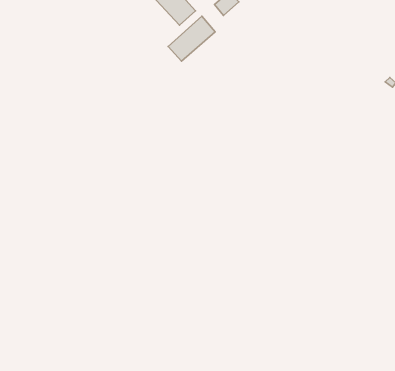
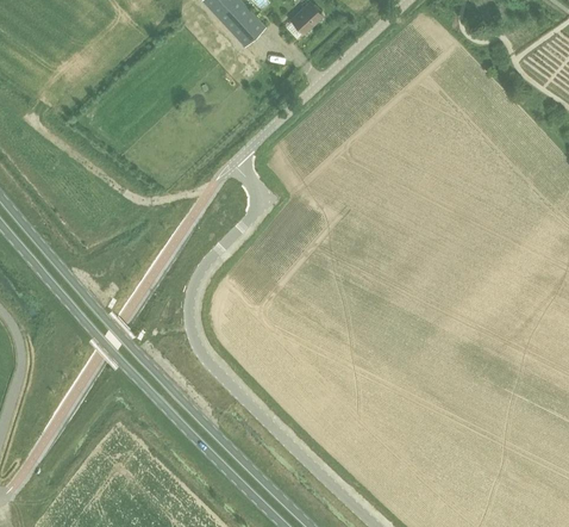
building: [168,16,215,61] -> none

